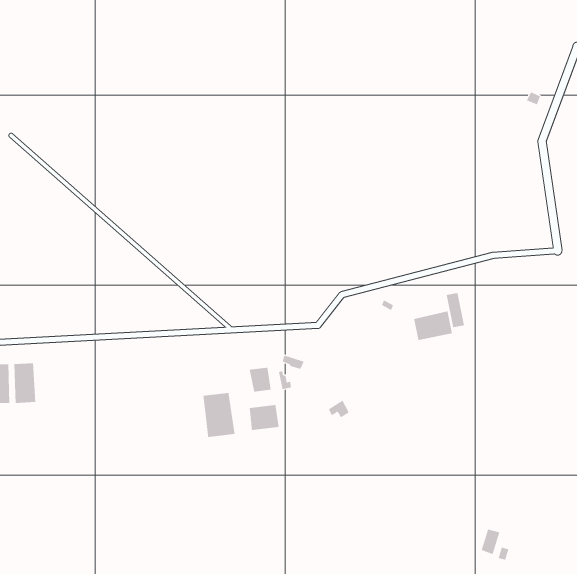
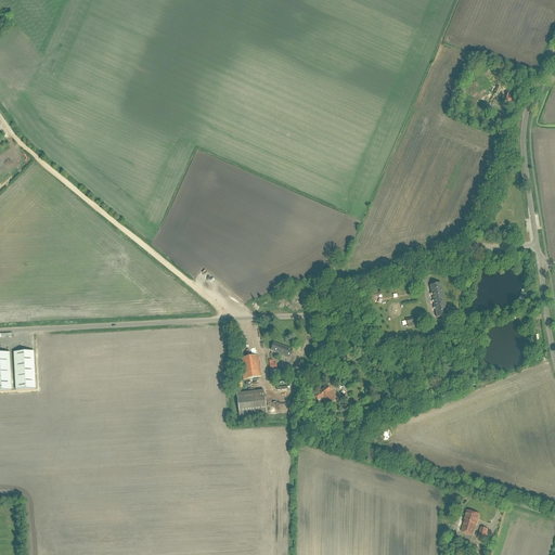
building: [414,311,453,341] -> none
building: [203,392,235,438] -> none

